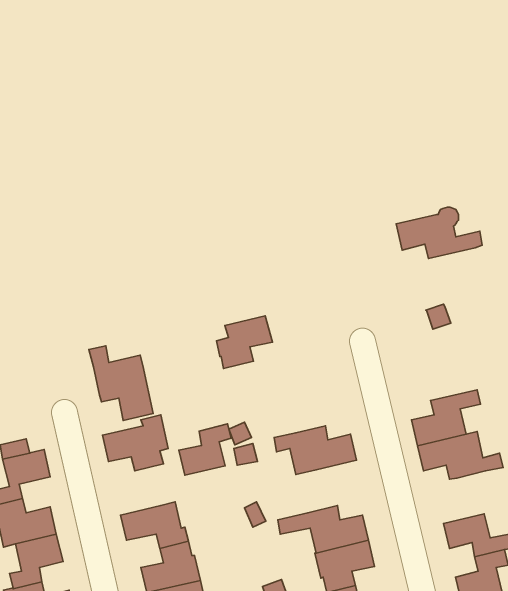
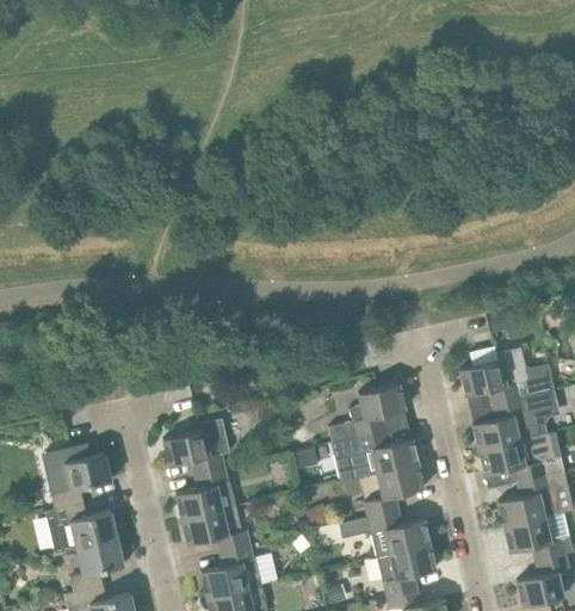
building: [396,207,482,258] -> [459,354,545,406]
building: [216,316,272,368] -> [350,385,406,438]
building: [89,346,153,421] -> none
building: [179,424,231,475] -> [175,469,228,520]
building: none -> [365,465,423,518]
building: none -> [499,476,561,529]

